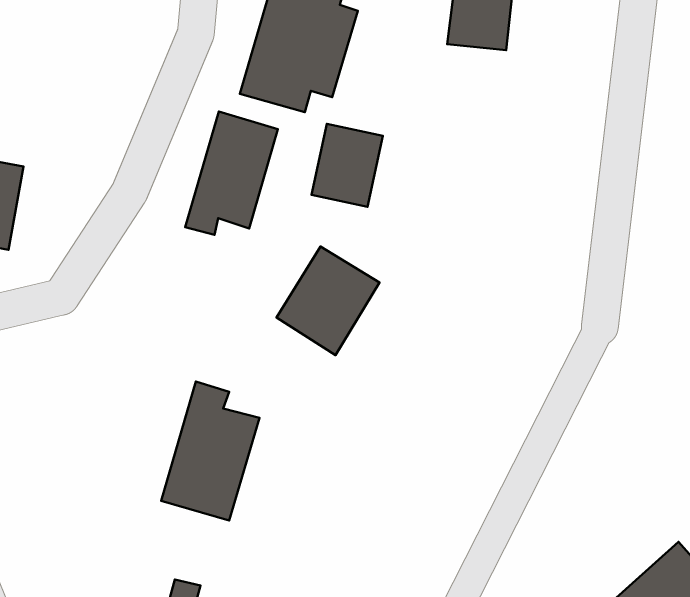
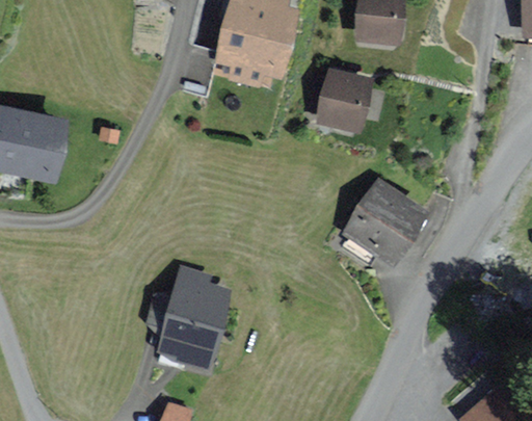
building: [185,112,278,235] -> none
building: [312,124,383,207] -> [317,71,366,128]
building: [277,246,380,355] -> [346,183,417,258]

